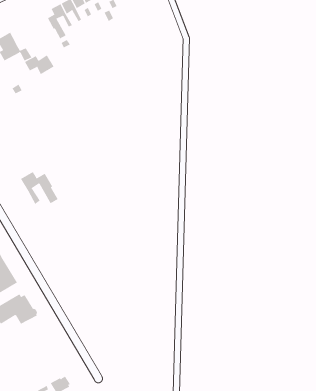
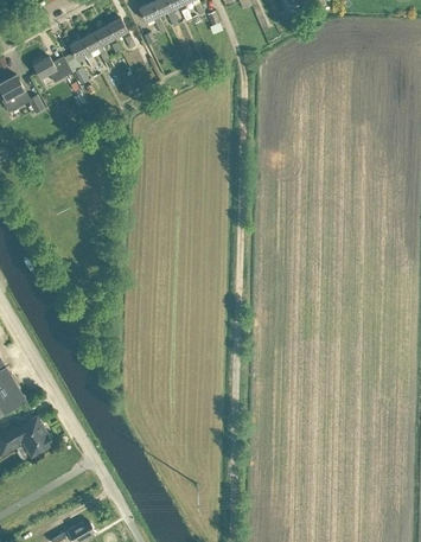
building: [24,55,54,75] -> [33,56,72,82]
building: [20,171,59,205] -> none

